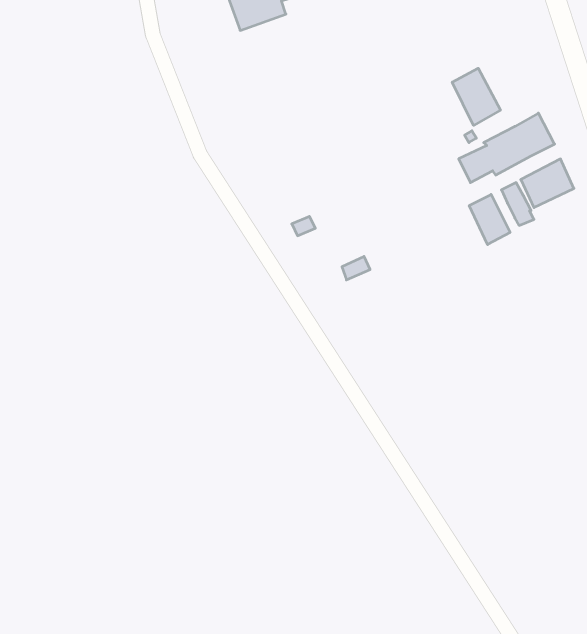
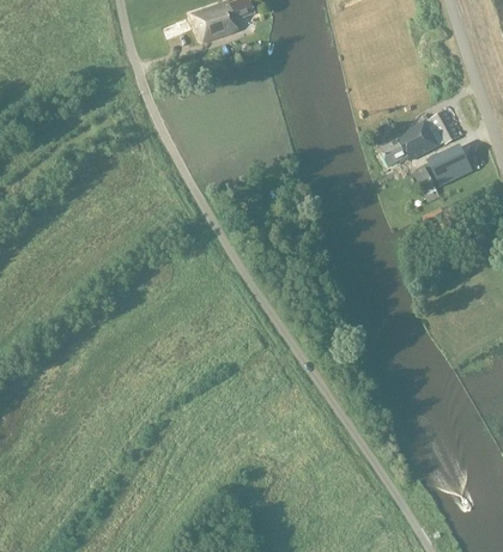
building: [452,68,500,125] -> none
building: [469,194,510,245] -> none

